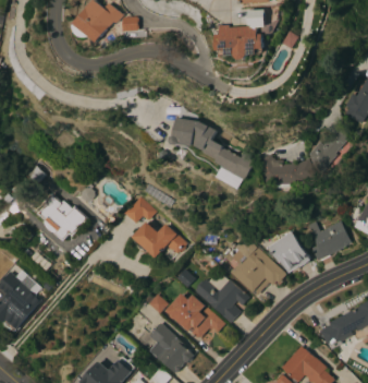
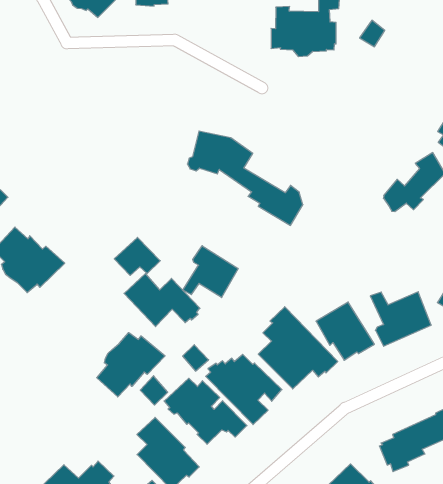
building: [257,154,316,189] -> none
building: none -> [183,246,238,298]
building: none -> [97,333,165,397]

